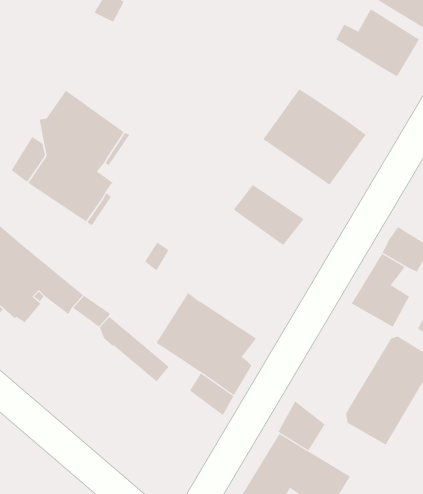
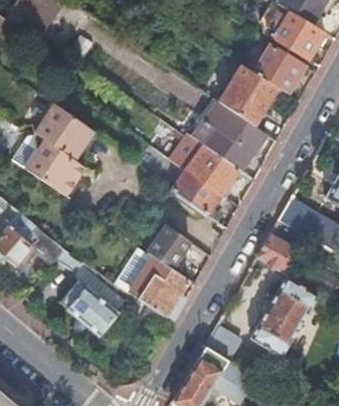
building: none -> [218,65,279,127]
building: none -> [168,137,240,196]
building: none -> [147,227,189,269]
building: none -> [59,281,119,338]

